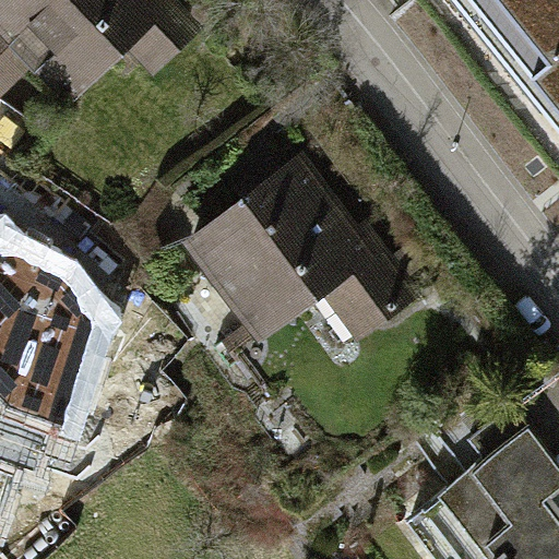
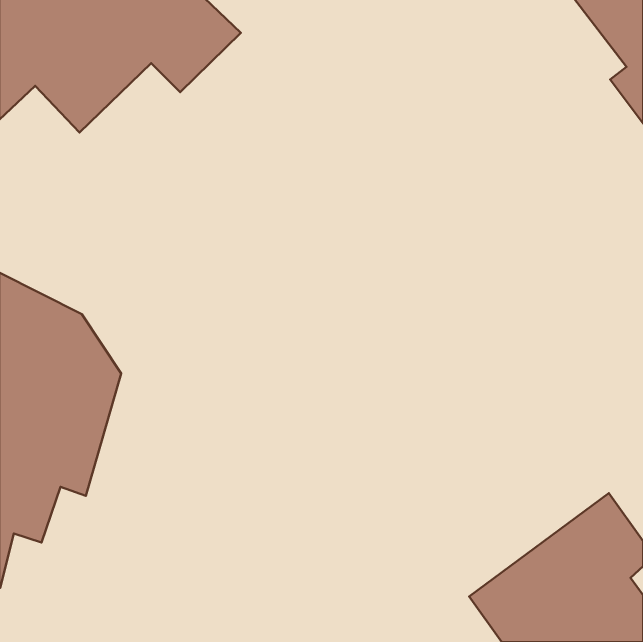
building: [179,150,416,350] -> none

